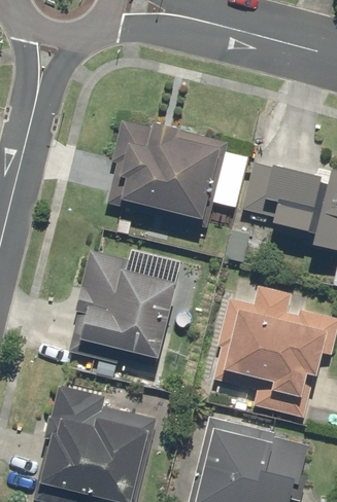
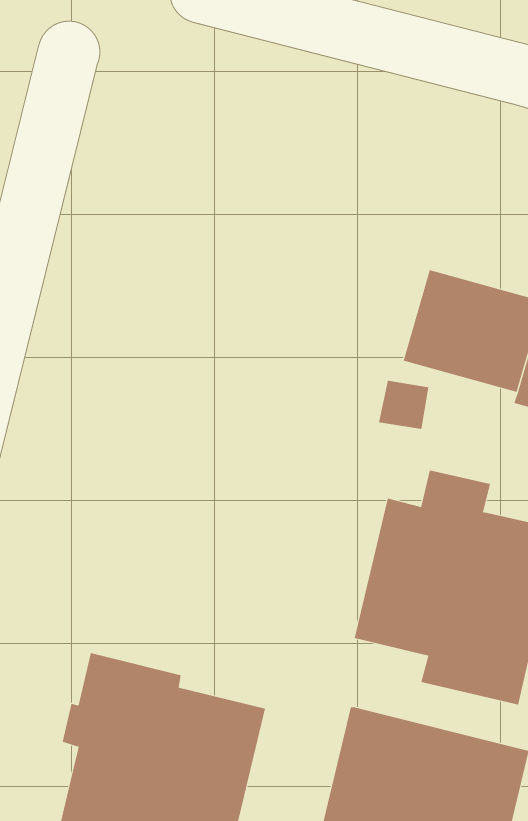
building: [108,116,223,221] -> none
building: [75,248,183,373] -> none

